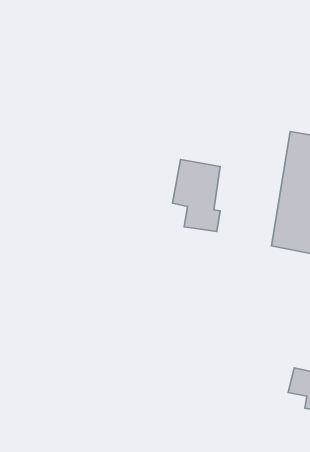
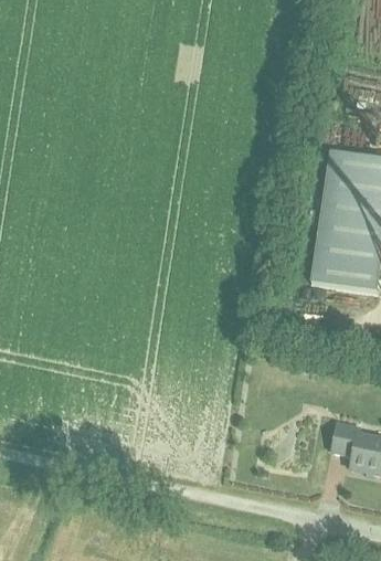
building: [172,159,220,231] -> none

